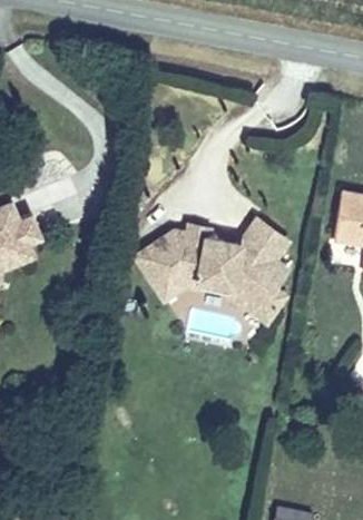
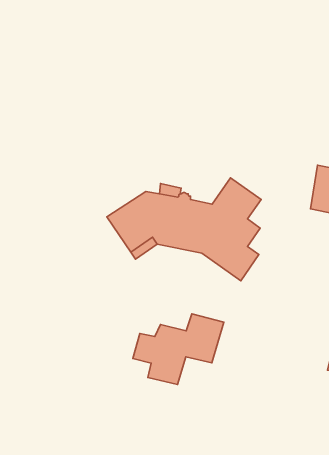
building: none -> [133,314,224,385]

